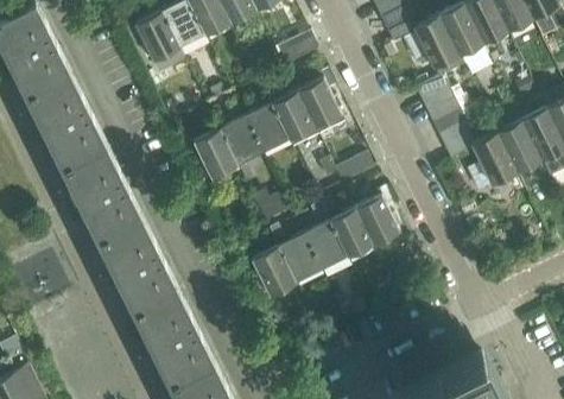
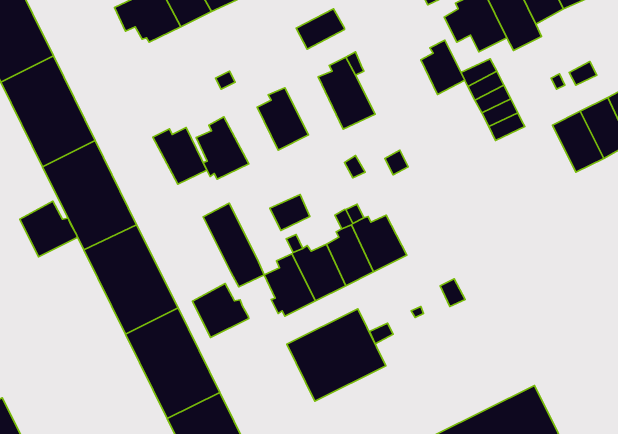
building: none -> [421,40,465,94]
building: [267,91,317,150] -> none
building: [215,118,261,166] -> [153,127,207,184]
building: [468,133,517,191] -> none
building: [354,188,397,245] -> none
building: none -> [20,201,77,257]
building: none -> [203,203,264,287]
building: none -> [193,283,249,337]
building: none -> [287,309,386,401]

